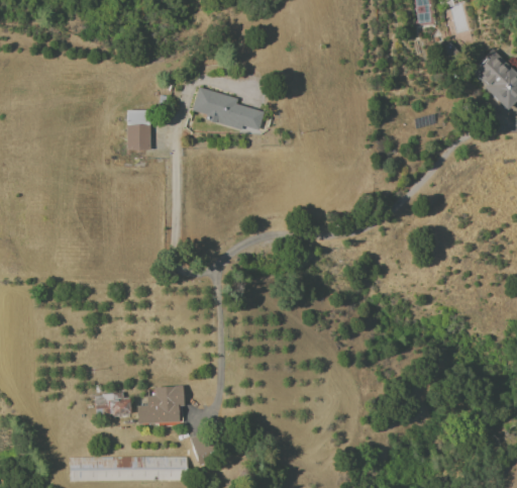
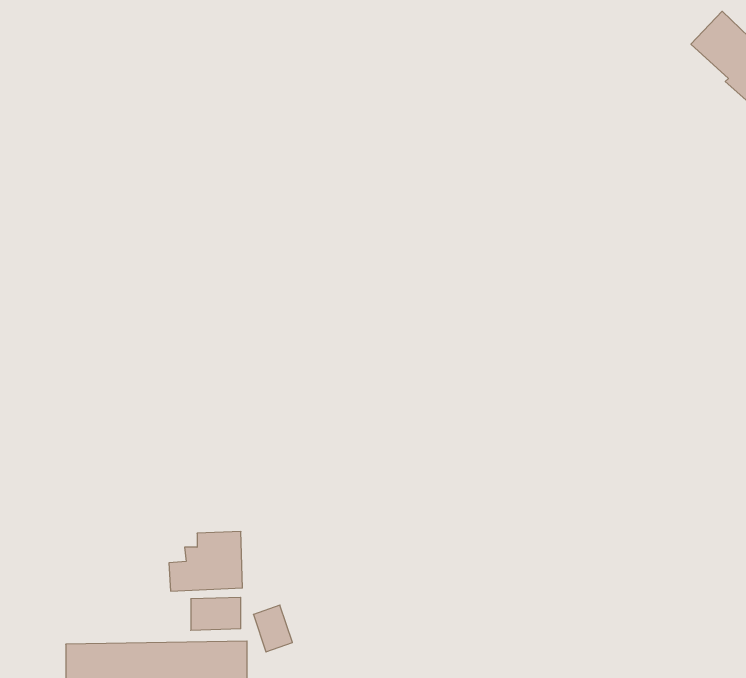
building: [193,88,265,130] -> none
building: [127,110,150,151] -> none
building: [96,394,128,415] -> [191,597,241,630]

